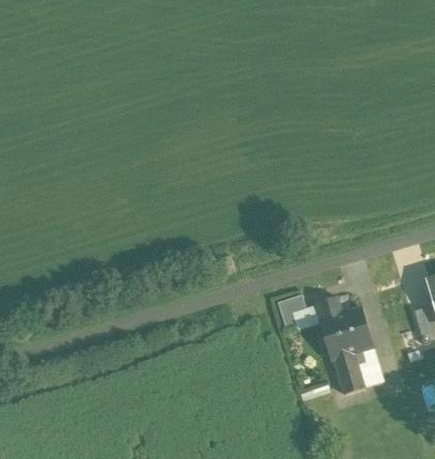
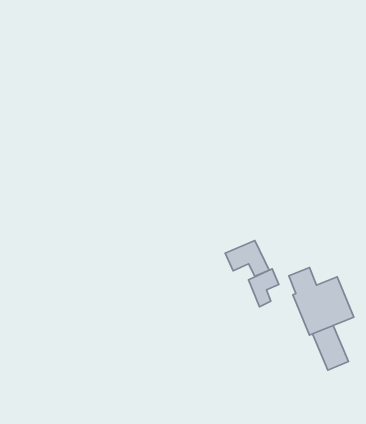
building: none -> [225,240,269,276]

